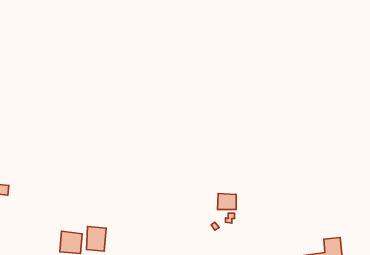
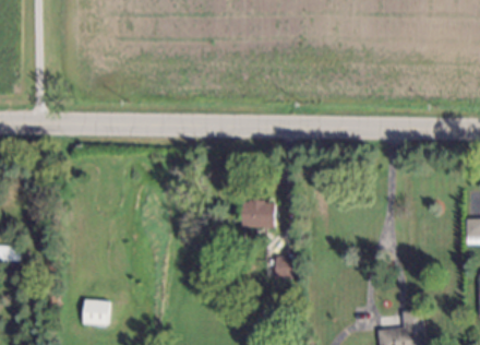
building: none -> [243,199,272,227]
building: [86,227,106,251] -> none

